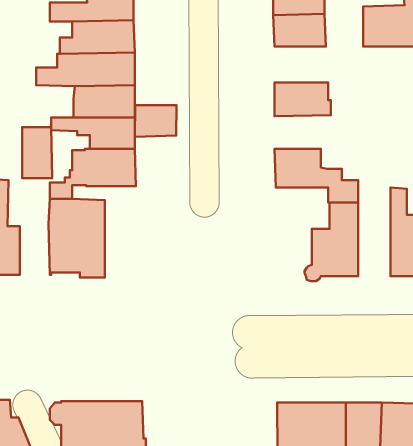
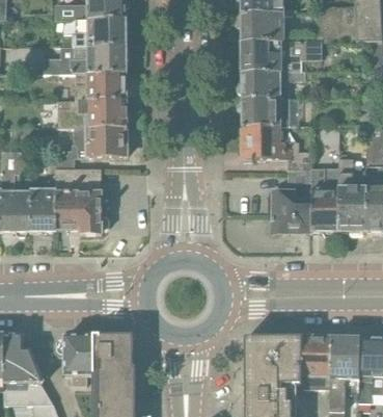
building: none -> [242,40,319,70]
building: [135,105,176,137] -> none
building: none -> [242,97,289,125]
building: [22,127,52,178] -> [30,187,55,230]
building: none -> [311,166,338,231]

